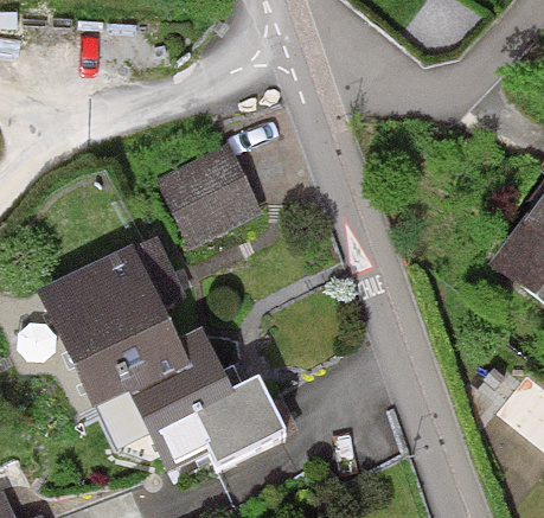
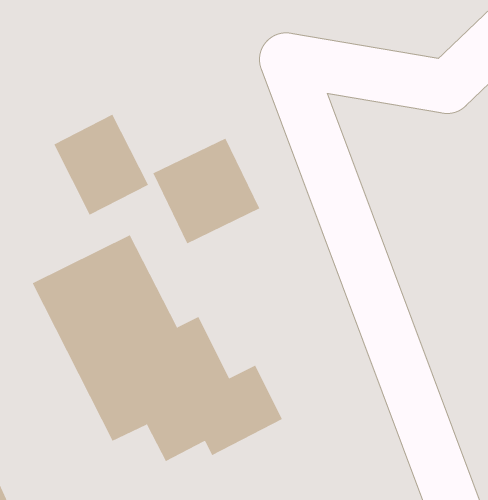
building: none -> [53,114,149,215]

